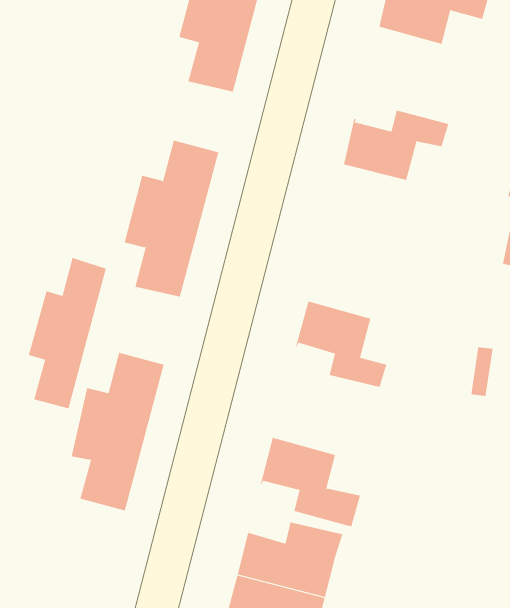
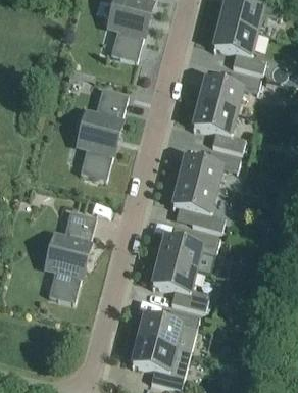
building: none -> [213,23,266,73]
building: none -> [193,103,246,153]
building: none -> [180,151,241,192]
building: [28,257,107,409] -> none
building: none -> [159,230,220,275]

